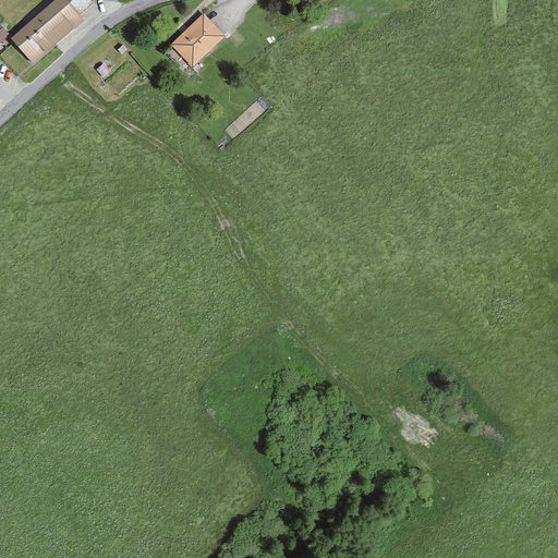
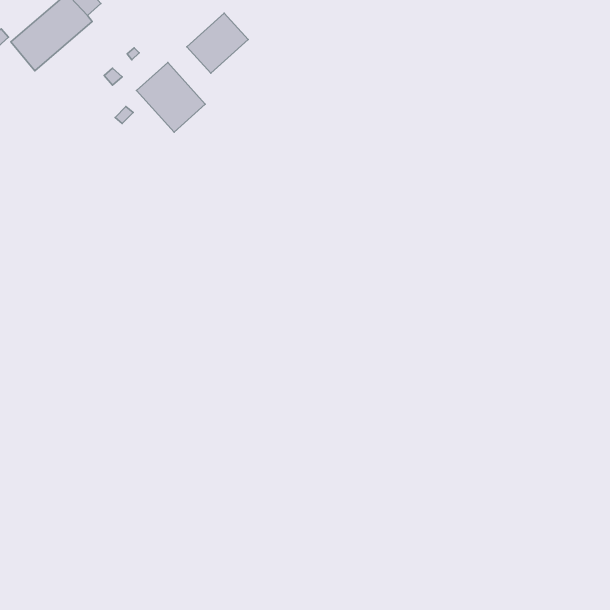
building: none -> [137,63,205,132]

